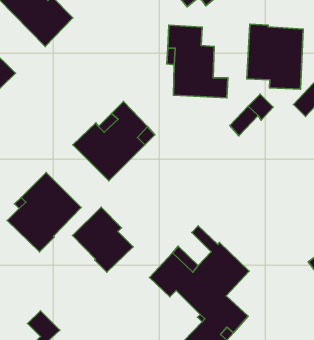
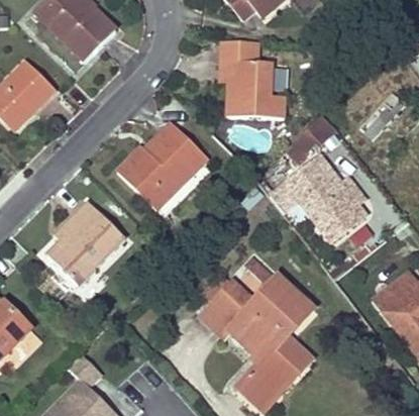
building: [247,24,303,89] -> none
building: none -> [269,154,369,246]
building: [73,207,133,272] -> none

